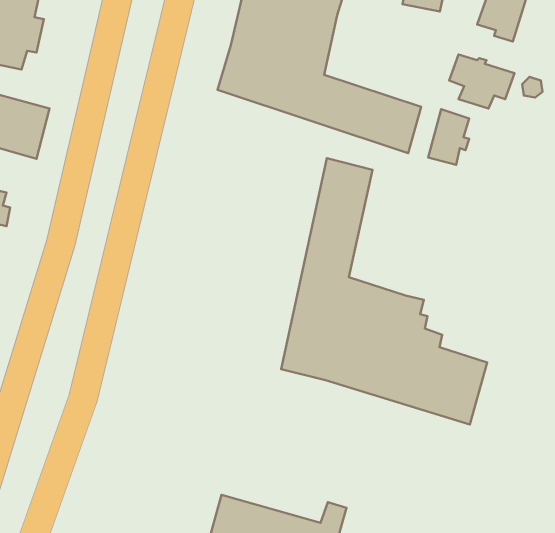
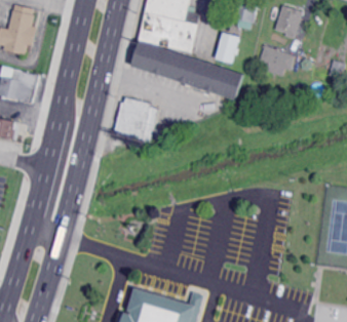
building: [428,109,469,165] -> [215,32,237,63]
building: none -> [114,97,159,144]
building: [281,158,487,425] -> none

